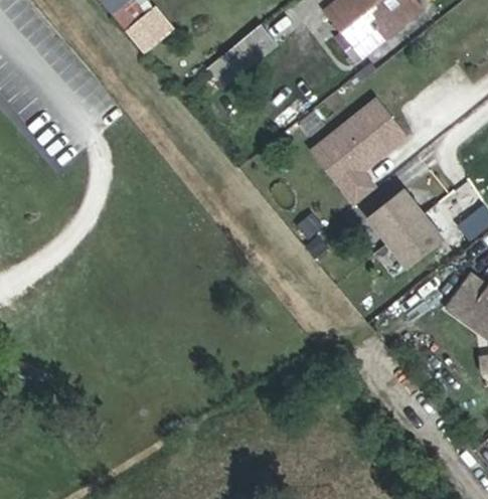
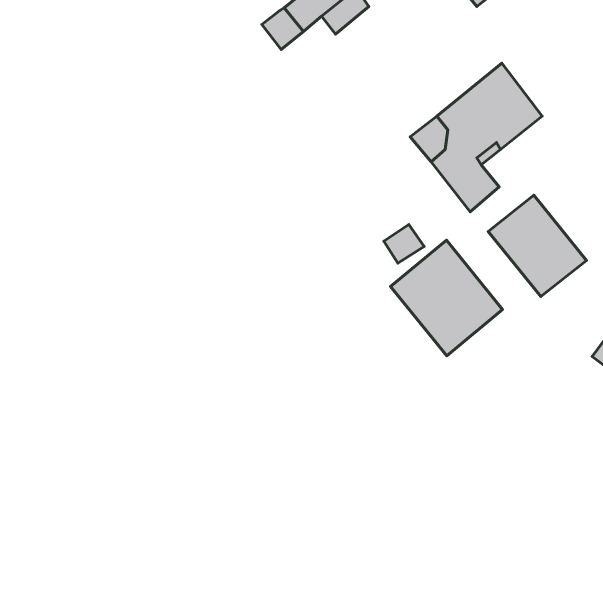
building: none -> [391,240,502,356]

